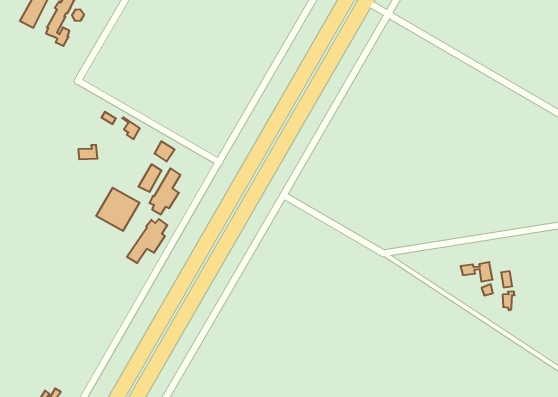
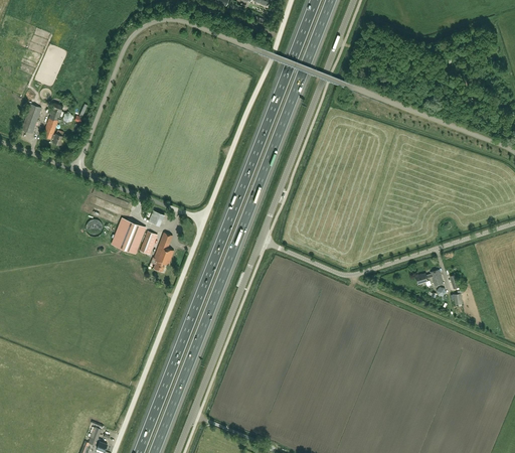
building: [96,188,140,231] -> [112,218,146,253]
building: [127,219,167,263] -> none

